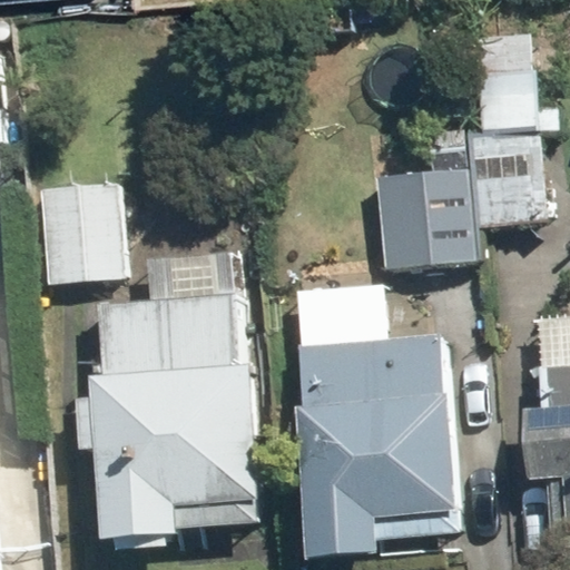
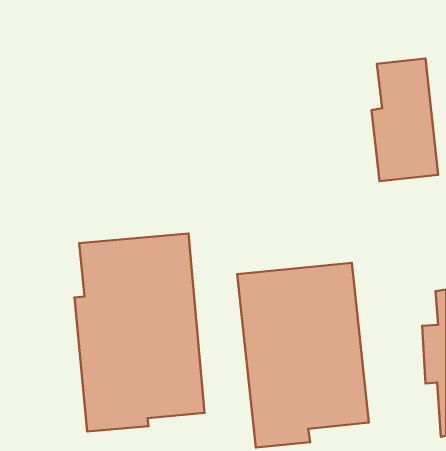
building: [373,167,472,267] -> none
building: [33,183,124,283] -> none

